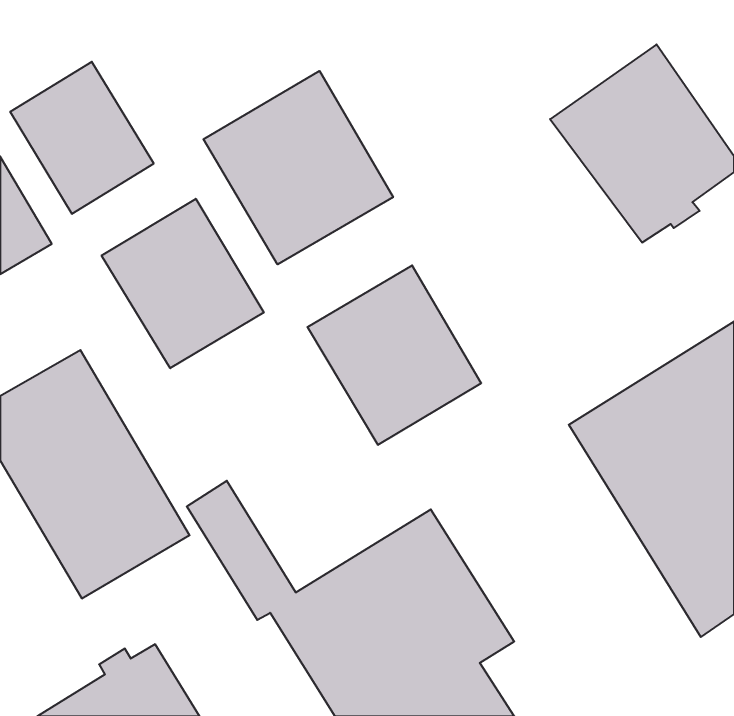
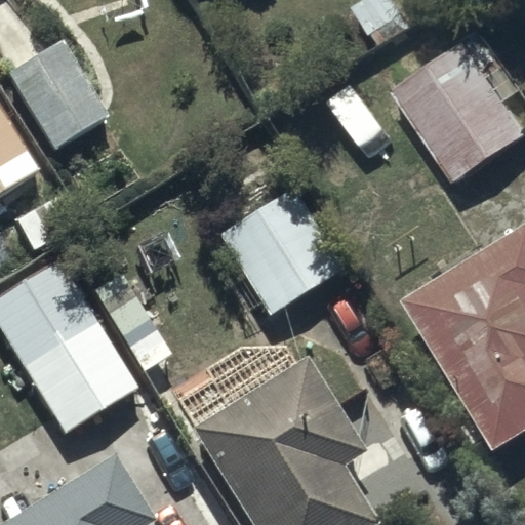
building: [203,71,393,264] -> none
building: [102,199,264,368] -> none

